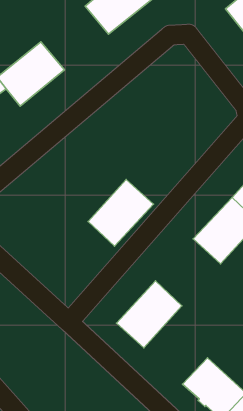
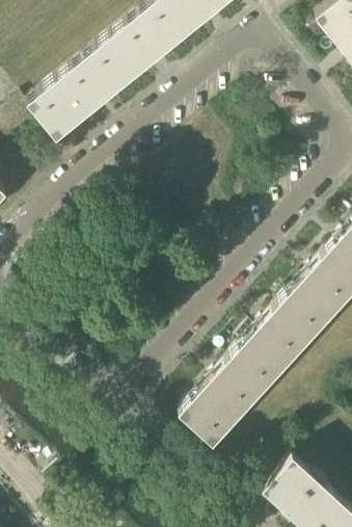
building: none -> [83,16,168,96]
building: [88,179,153,246] -> [227,309,309,393]

